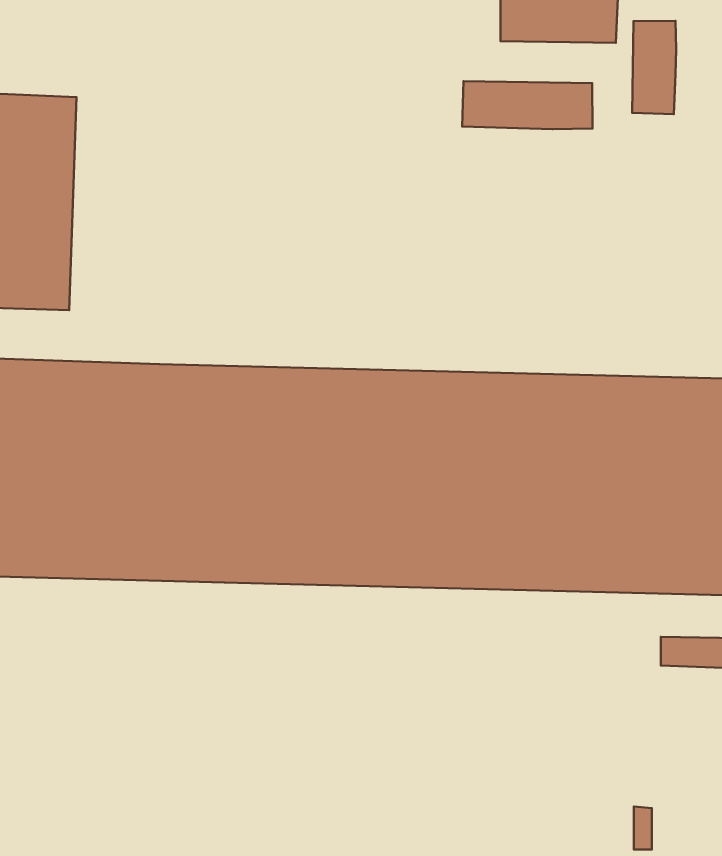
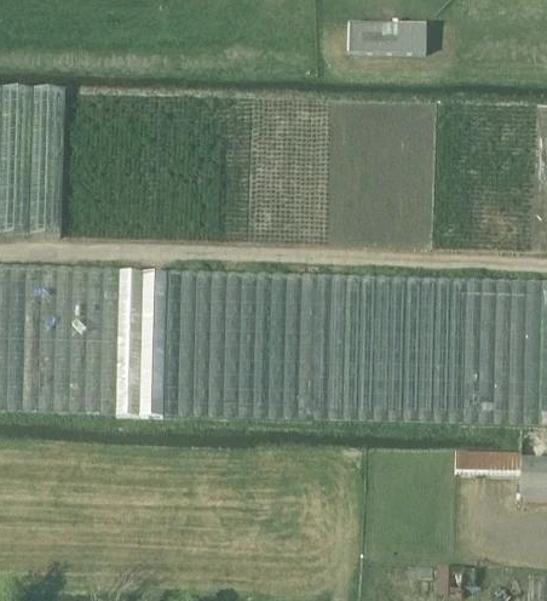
building: [632,21,676,114] -> none
building: [462,81,593,129] -> none

